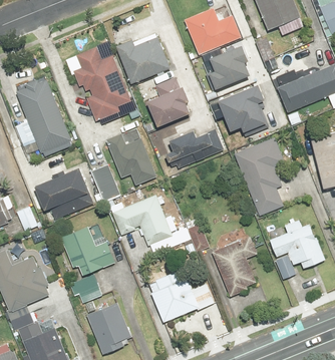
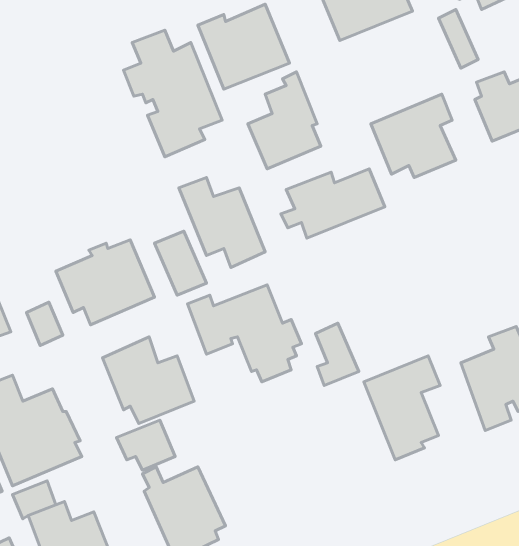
building: [208,46,248,89] -> none
building: [16,80,72,156] -> none
building: [234,136,285,216] -> none
building: [149,271,215,323] -> none

